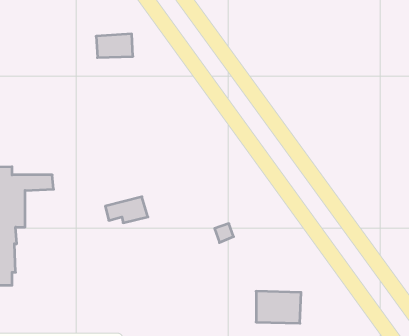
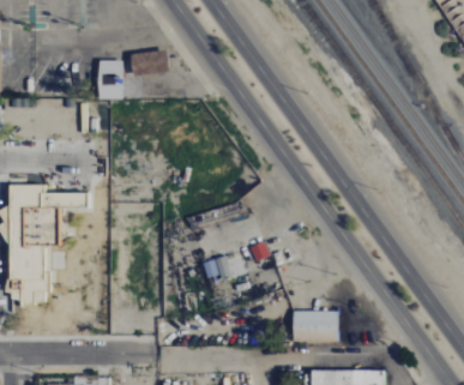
building: none -> [97,60,123,100]
building: [105,197,148,223] -> [204,253,247,279]

